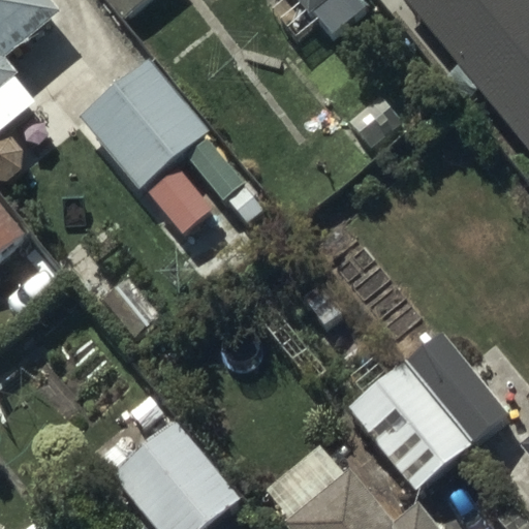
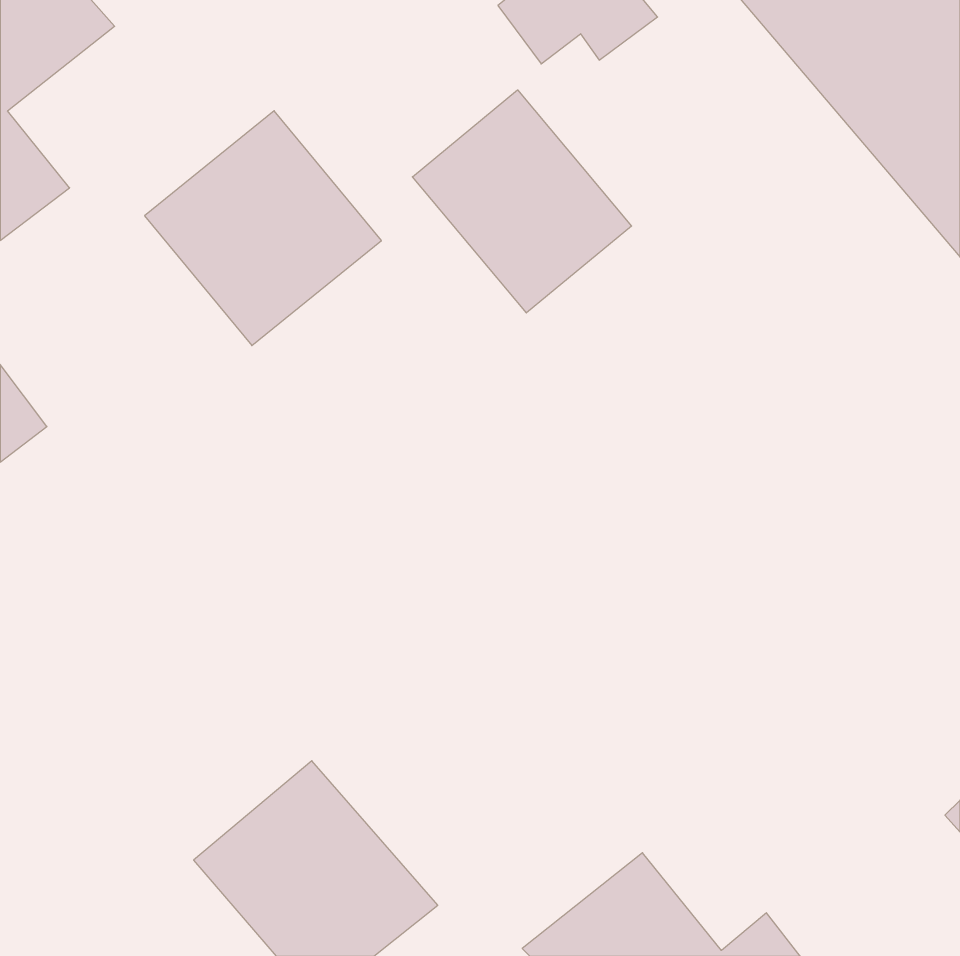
building: none -> [412,90,632,313]
building: [347,332,509,491] -> none

